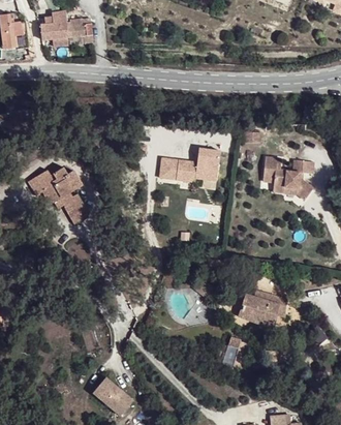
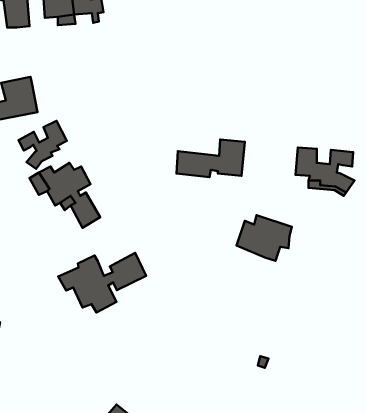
building: none -> [18,121,67,169]
building: none -> [58,253,146,313]
building: [239,289,287,329] -> [237,215,292,261]

